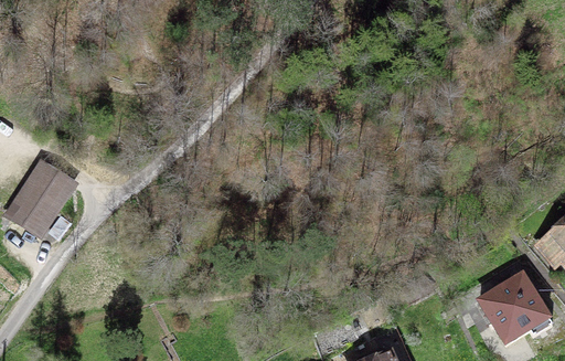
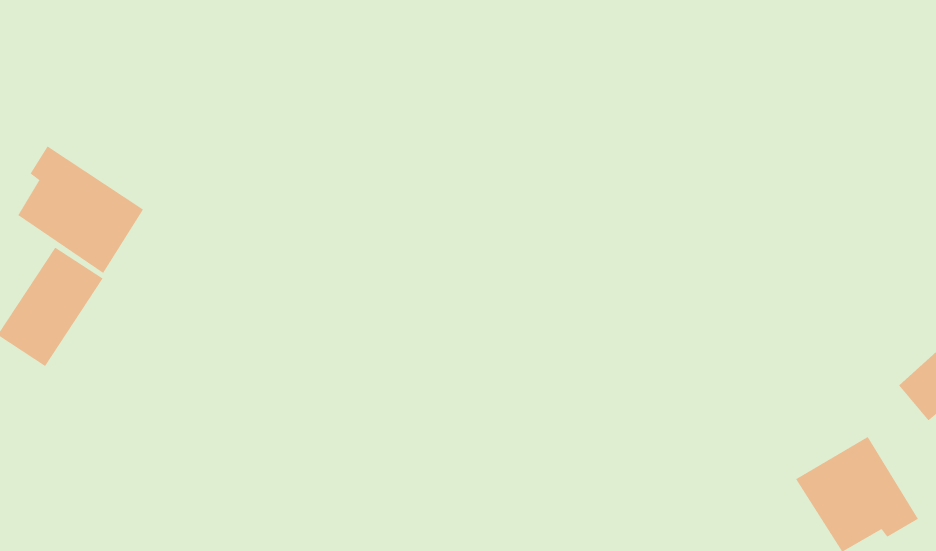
building: none -> [18,145,144,274]

